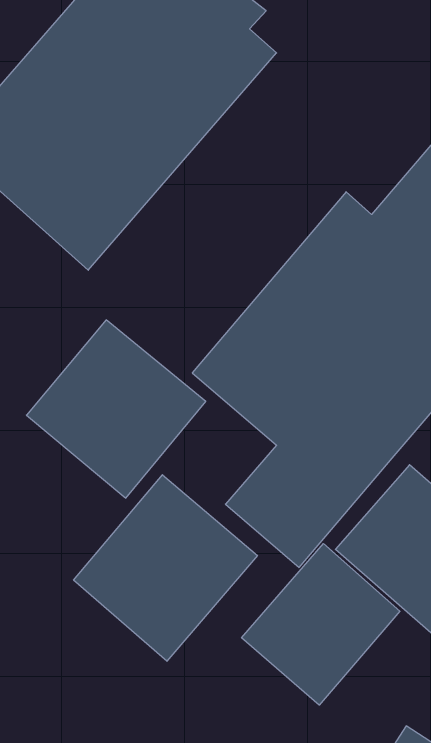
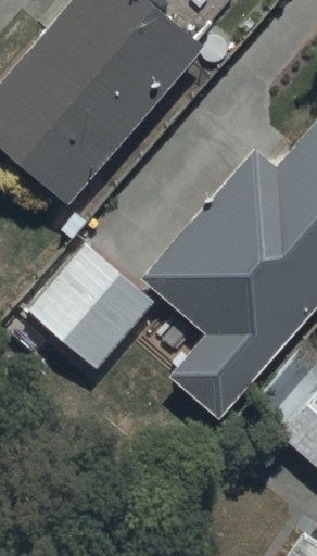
building: [74,475,257,661] -> none
building: [242,544,400,705] -> none

